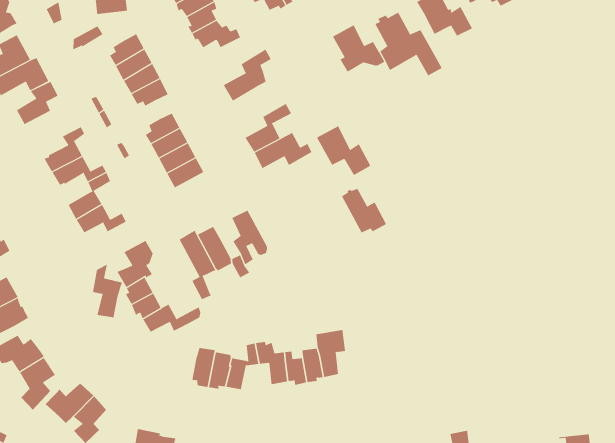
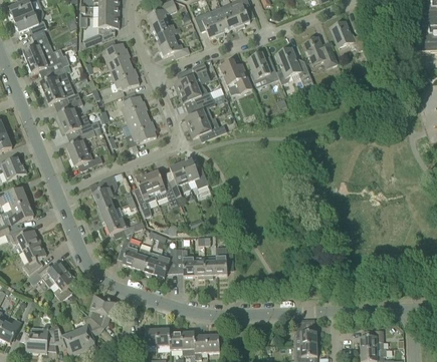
building: none -> [179,82,213,104]
building: none -> [44,85,80,103]
building: [316,126,371,176] -> [219,59,252,92]
building: [341,188,387,233] -> [181,158,208,188]
building: [92,264,123,318] -> [121,232,141,267]

